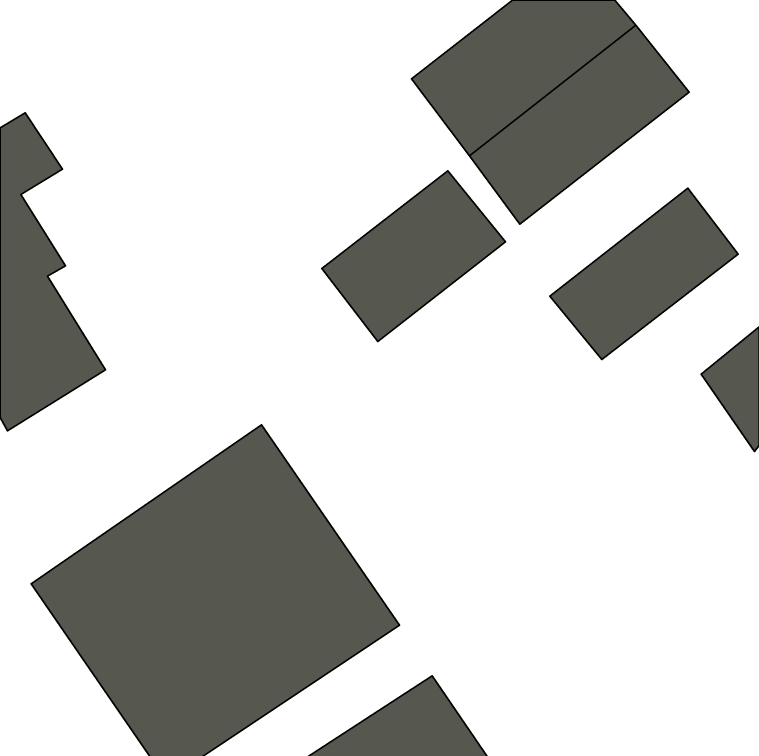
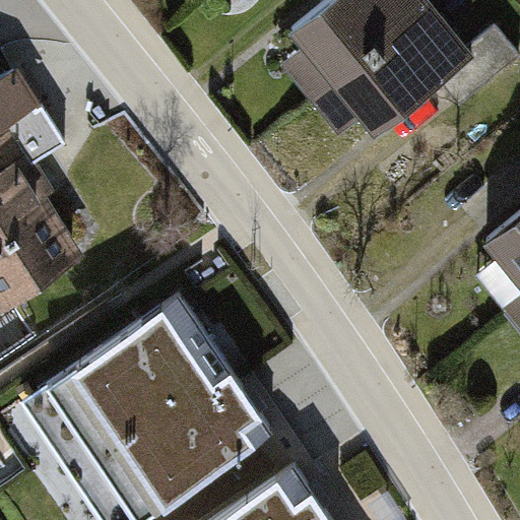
building: [322,171,506,341] -> none
building: [550,188,738,360] -> none

